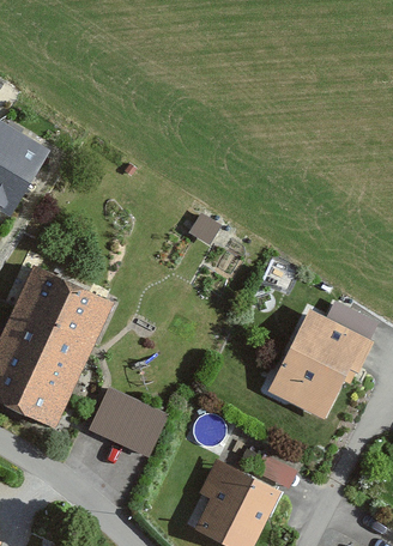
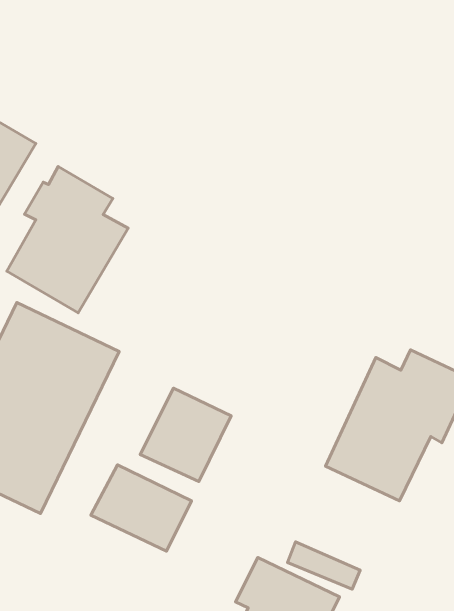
building: none -> [7,167,128,313]
building: none -> [140,388,231,481]

